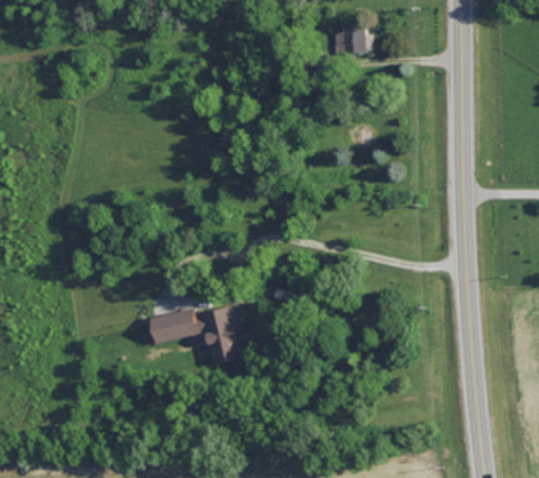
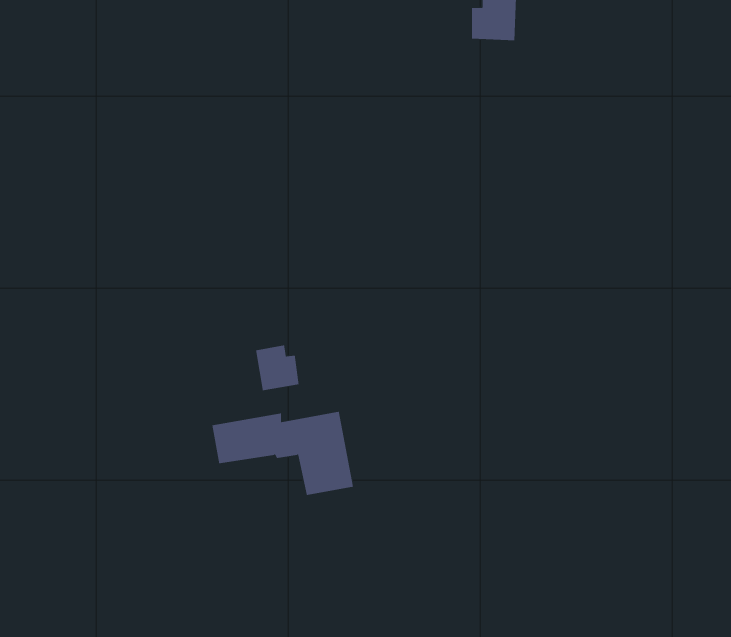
building: none -> [255,344,299,391]

